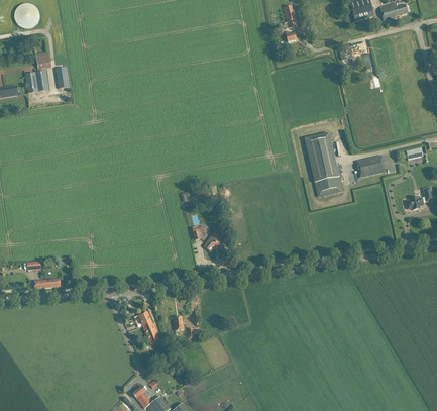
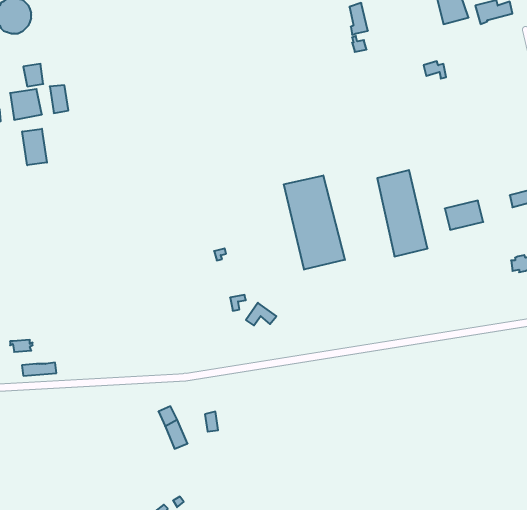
building: none -> [22,129,47,165]
building: none -> [284,175,345,270]

